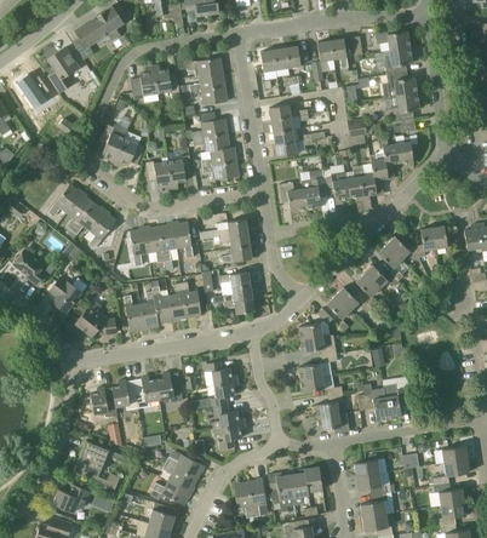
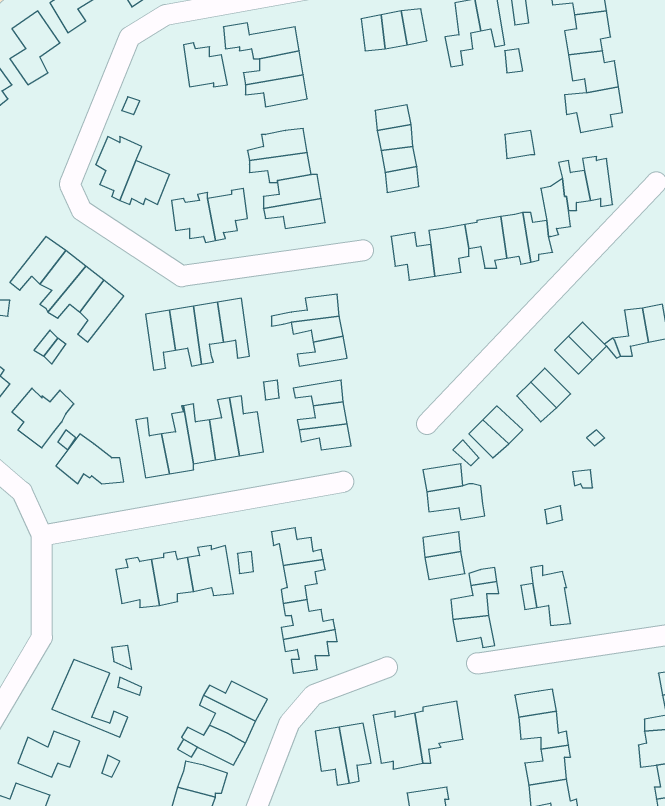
building: [130,68,156,99] -> none
building: [383,384,406,419] -> none
building: [90,387,116,417] -> none

